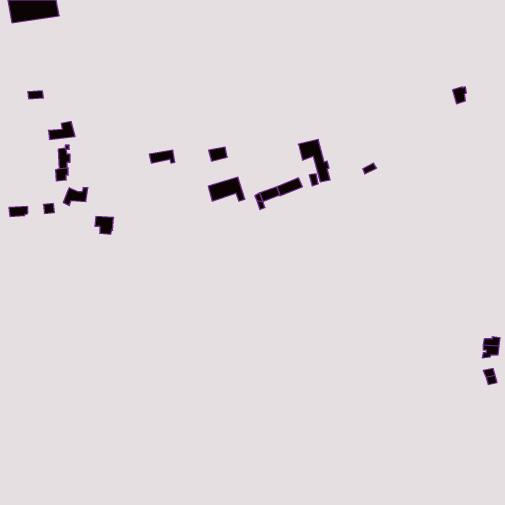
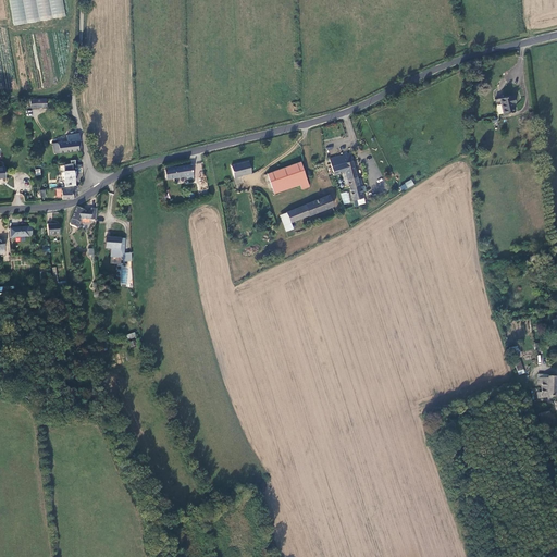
building: [208,177,245,201] -> [268,163,308,189]

